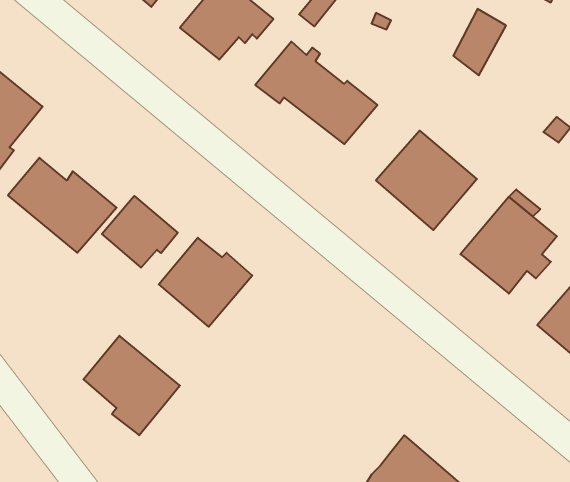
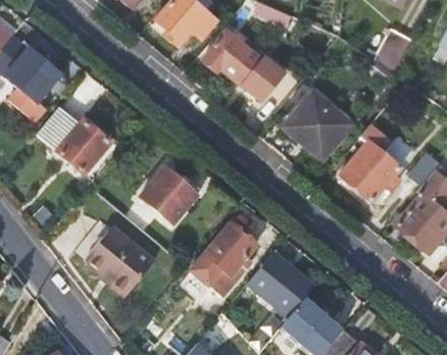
building: [453,9,506,75] -> [375,28,410,72]
building: [102,196,178,268] -> none
building: none -> [189,224,255,298]
building: none -> [246,251,313,317]

